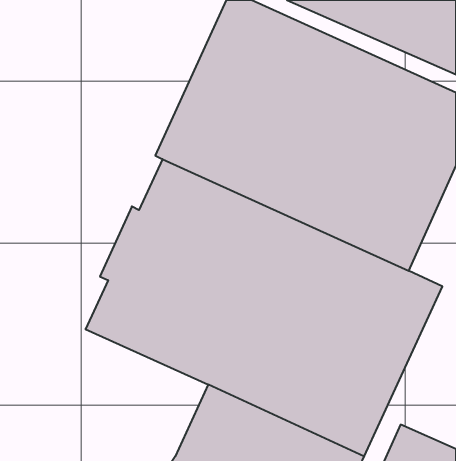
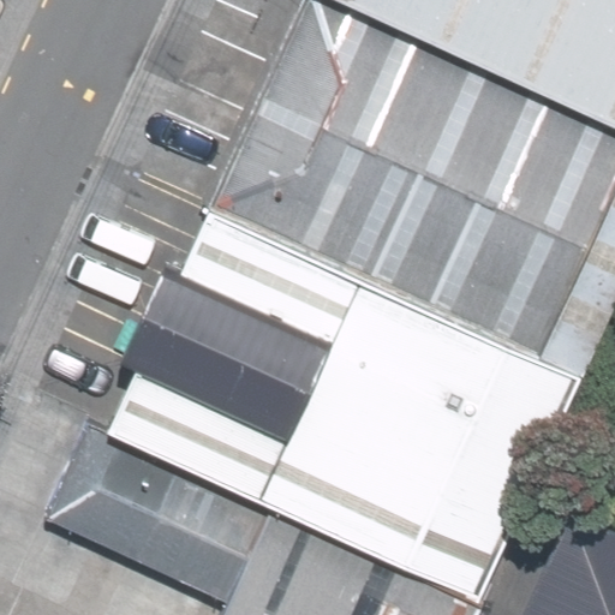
building: none -> [42,428,275,608]

